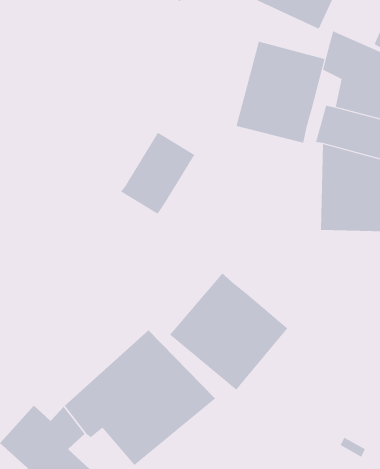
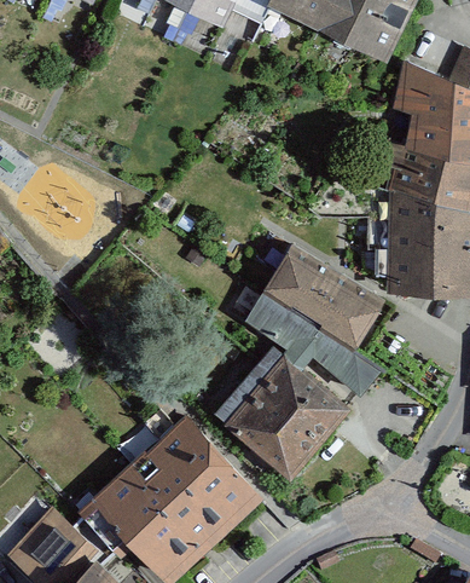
building: [236,41,325,143] -> none
building: [120,132,195,215] -> none
building: none -> [244,246,389,402]

